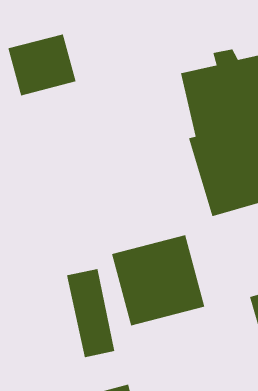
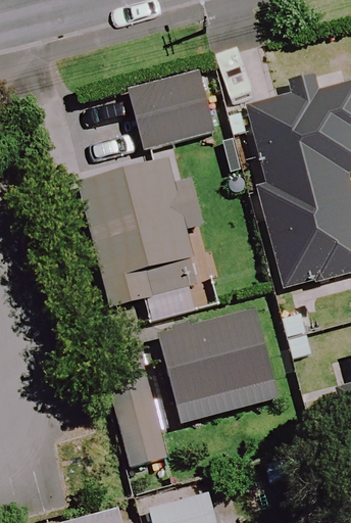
building: [7,34,76,96] -> [129,68,215,147]
building: none -> [79,159,204,305]

